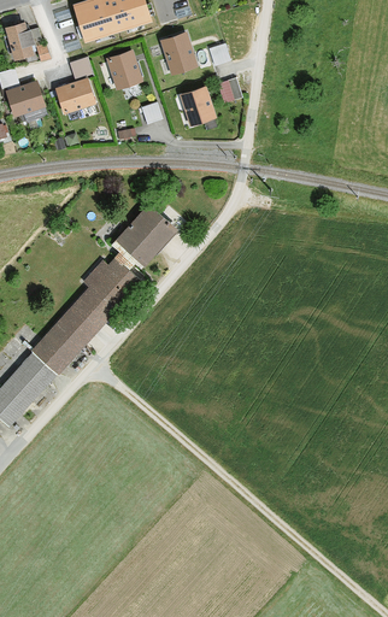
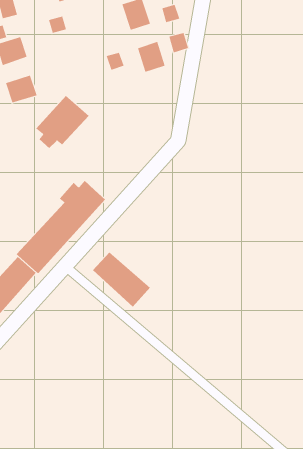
building: [106,49,142,89] -> none
building: [55,78,95,113] -> [5,75,37,103]
building: [111,204,177,270] -> [36,95,89,149]
building: none -> [92,251,151,307]

